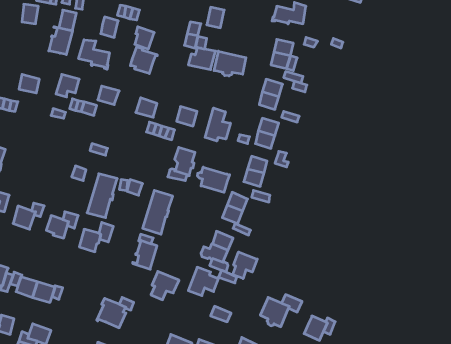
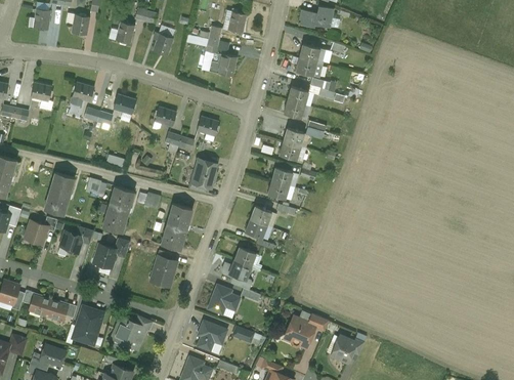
building: [49,27,73,55] -> none
building: [79,40,109,69] -> none
building: [130,47,157,74] -> none
building: [214,51,246,76] -> none
building: [205,108,230,141] -> none
building: none -> [44,173,75,216]
building: [198,167,230,192] -> none
building: [233,252,257,279] -> none
building: [151,271,179,300] -> [198,321,227,350]
building: none -> [74,307,102,344]

